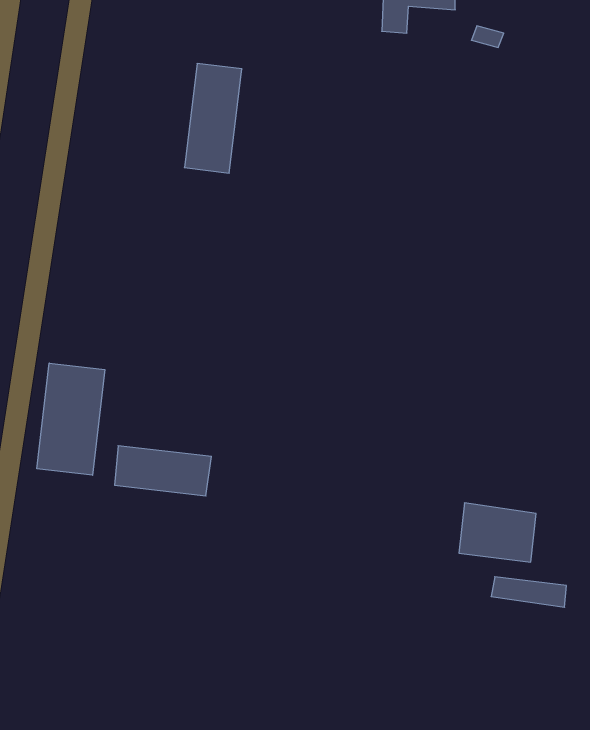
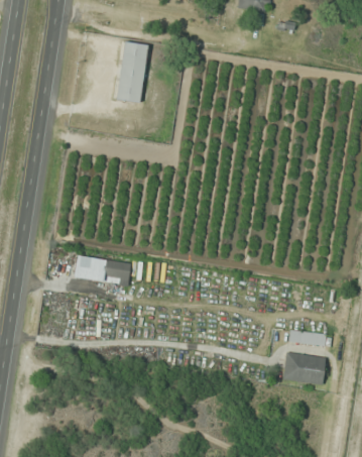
building: [37,363,105,475] -> none
building: [459,503,536,562] -> [281,352,325,385]

